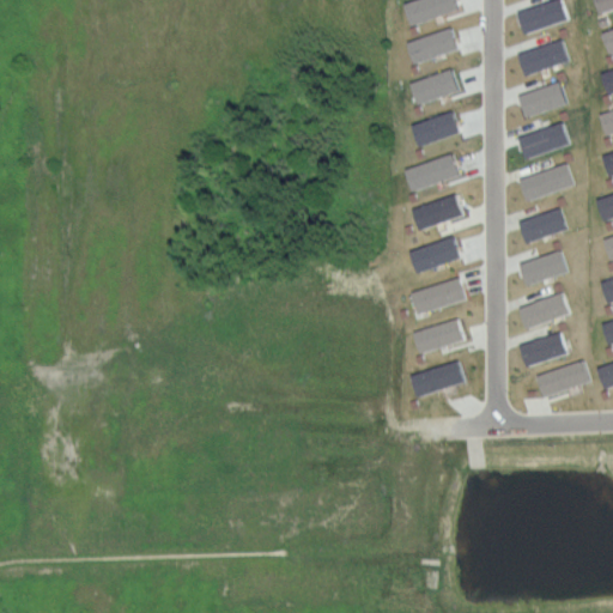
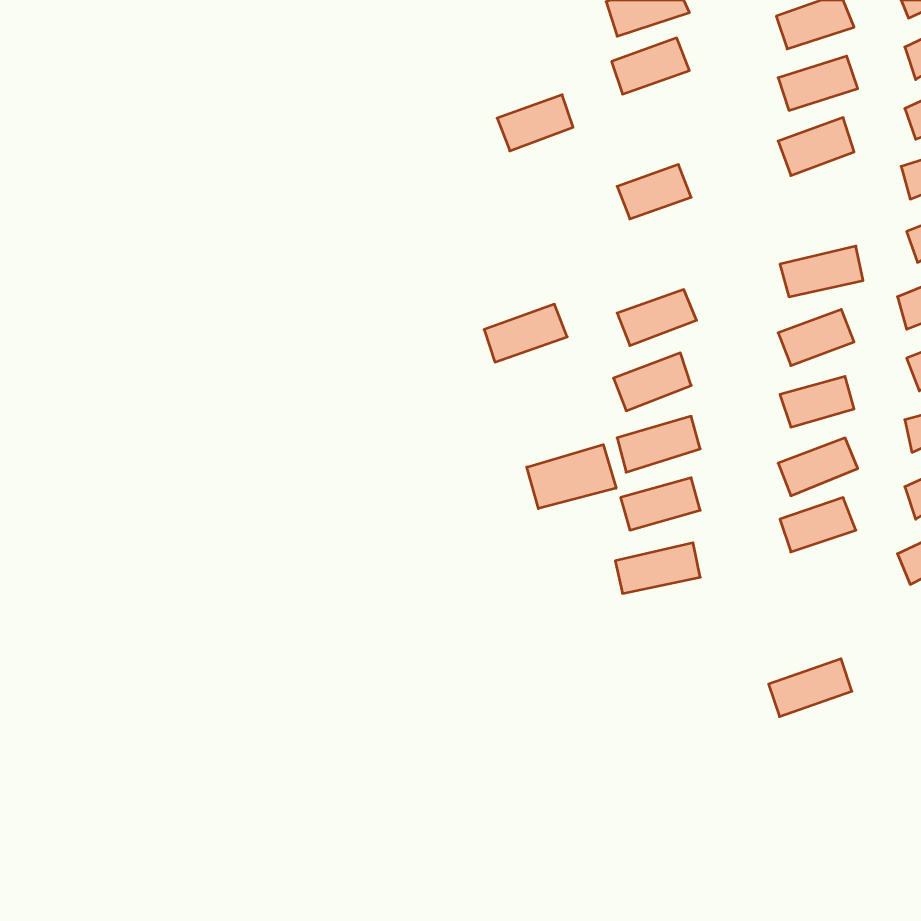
building: [409,68,460,105] -> [497,95,573,151]
building: [517,122,570,159] -> none
building: [405,153,460,192] -> [484,304,567,362]
building: none -> [527,445,616,509]
building: [536,359,591,397] -> [769,659,852,717]

